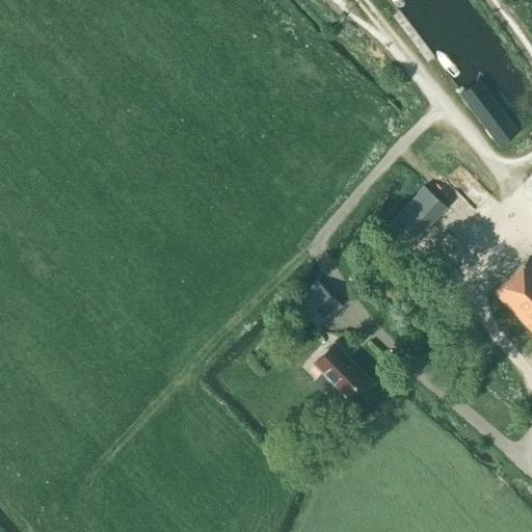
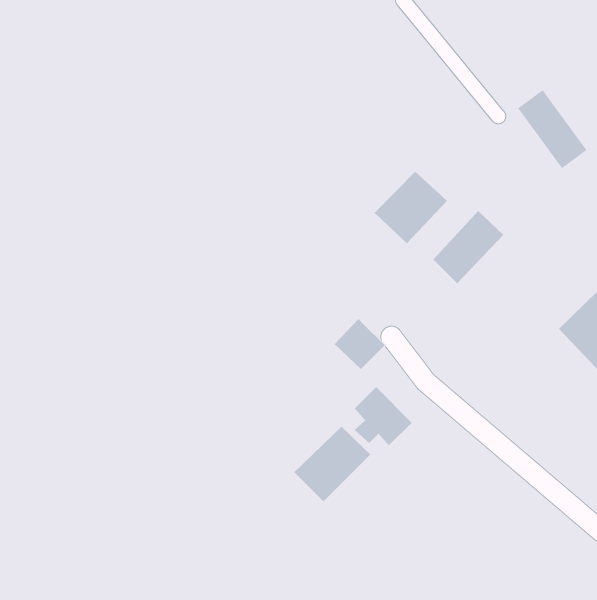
building: none -> [374,171,448,244]
building: none -> [293,426,371,502]

